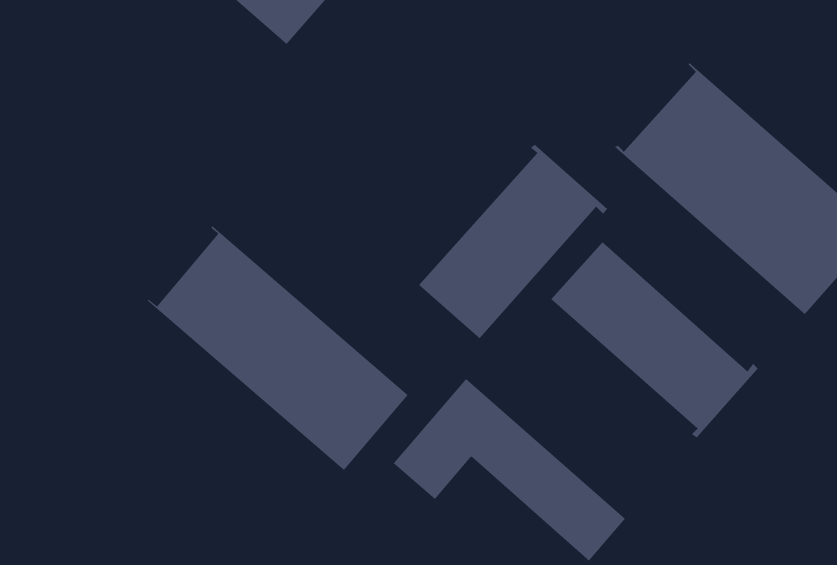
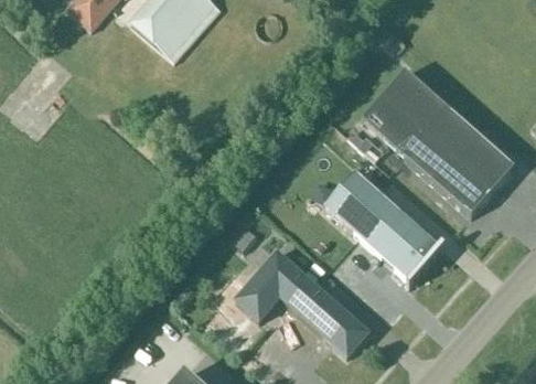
building: [418,144,608,339] -> none
building: [147,225,409,471] -> none

